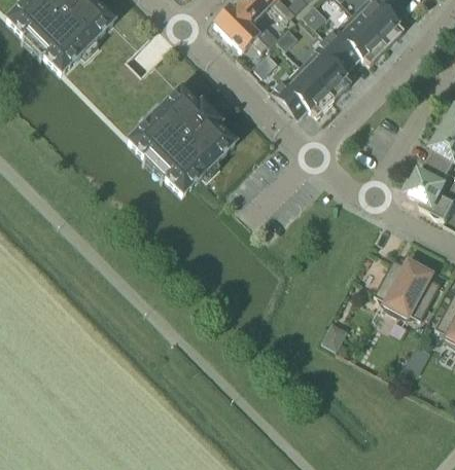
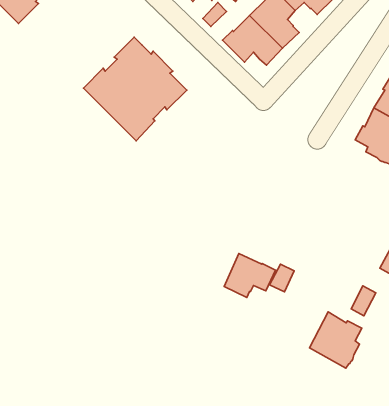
building: [376,255,442,317] -> none
building: none -> [224,253,275,297]
building: none -> [309,312,362,368]

